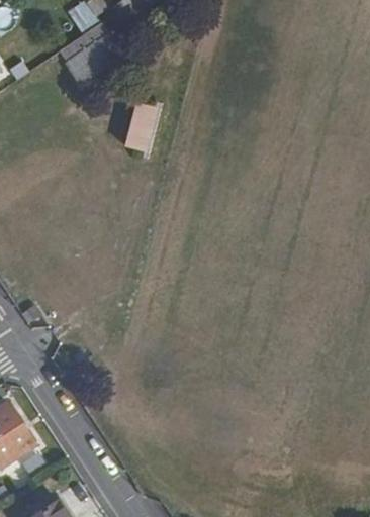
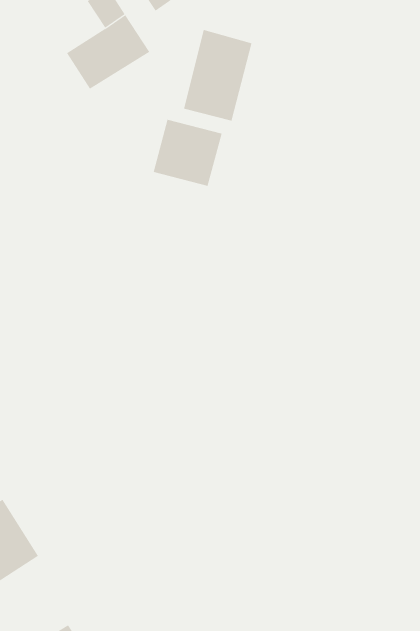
building: none -> [184,29,252,121]

